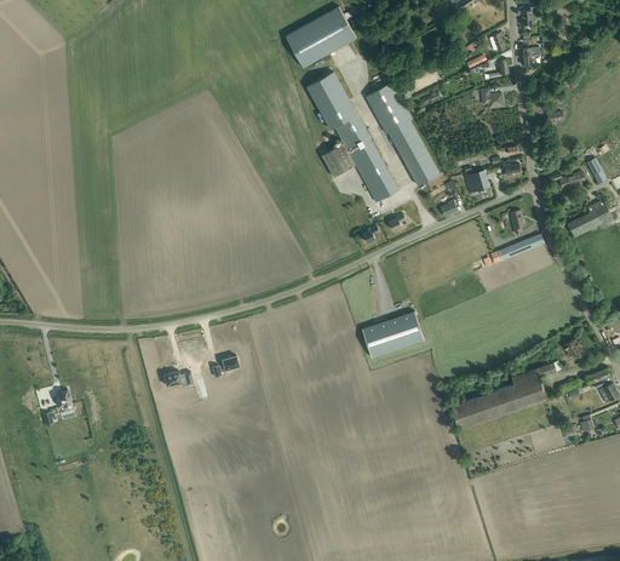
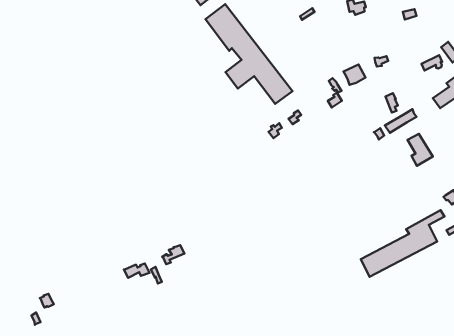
building: [366,82,438,185] -> none
building: none -> [407,134,433,166]
building: [362,311,424,357] -> none

